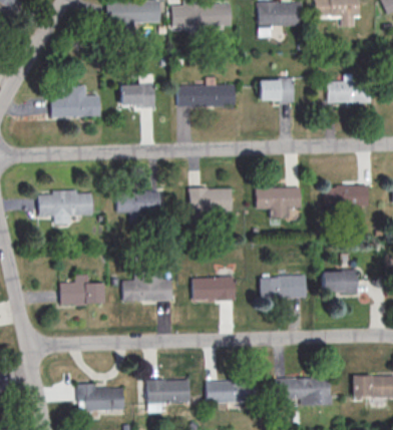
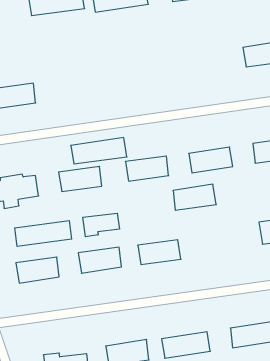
building: [258,77,293,103] -> none
building: [118,82,153,108] -> none
building: [176,85,235,107] -> [71,138,127,164]
building: none -> [83,213,119,237]
building: none -> [15,221,72,246]
building: [261,276,305,299] -> [173,184,216,210]

